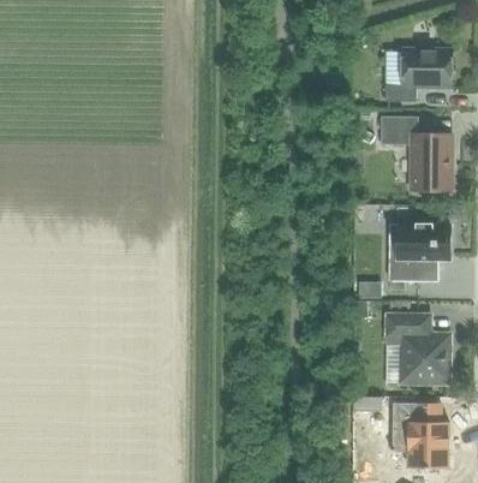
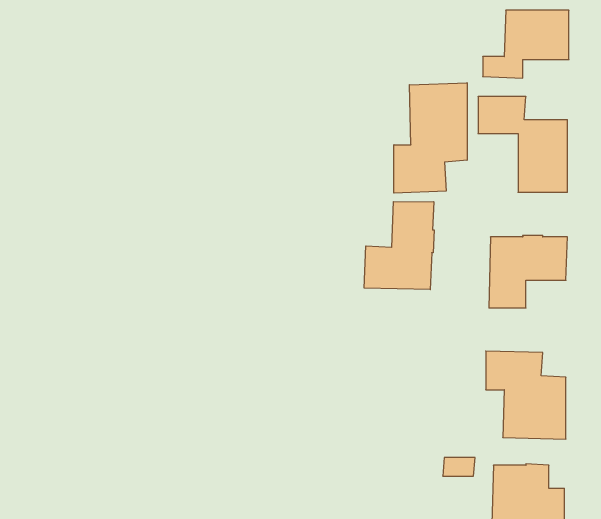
building: none -> [394,83,467,193]
building: none -> [364,202,434,290]

